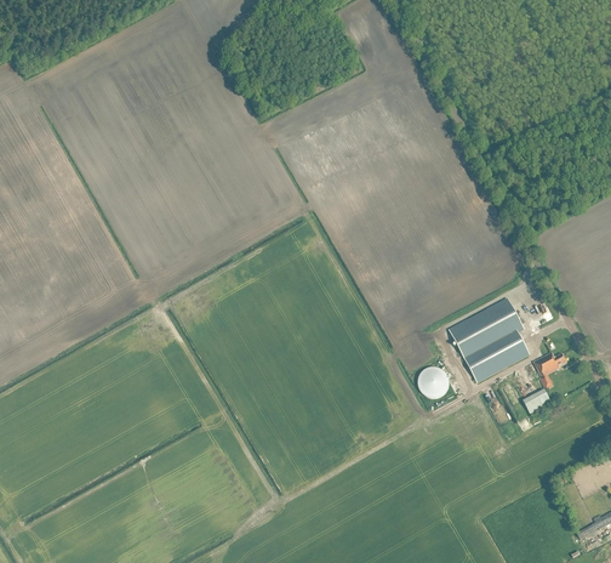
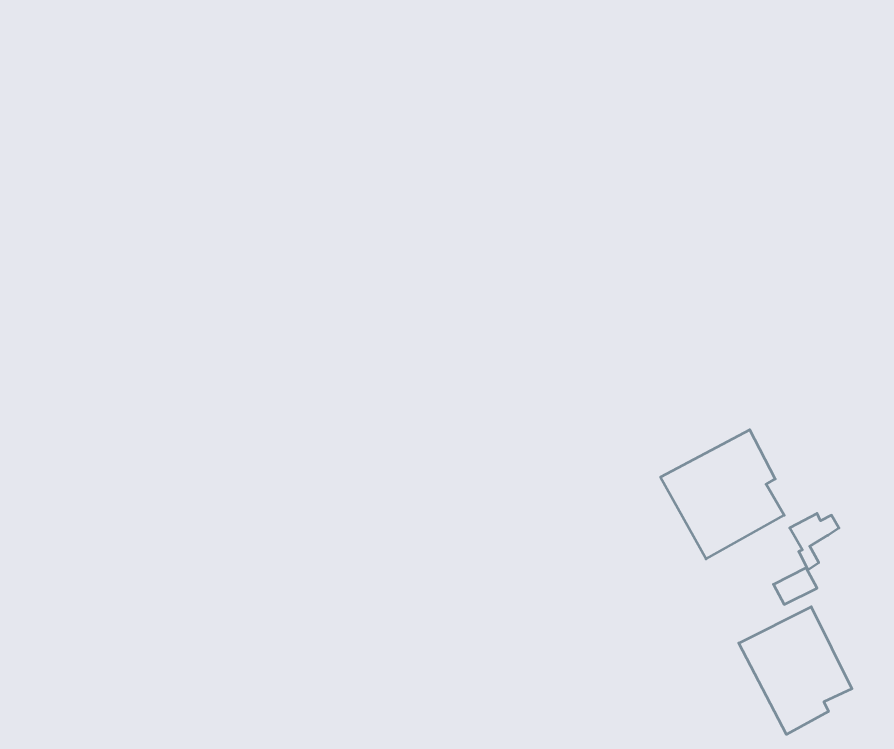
building: [418,368,449,398] -> none
building: none -> [739,607,852,734]

